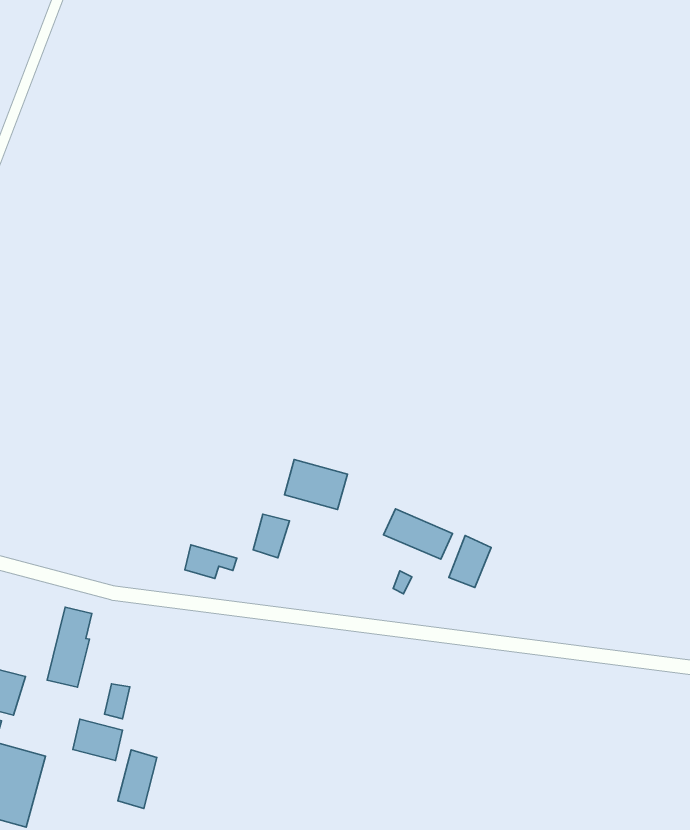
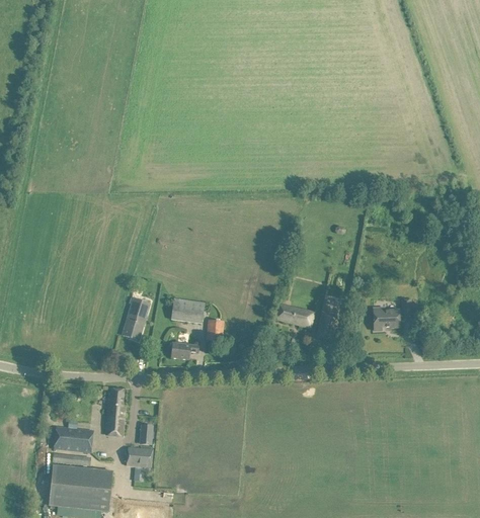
building: none -> [123,298,150,340]
building: [284,460,347,510] -> [171,299,204,323]
building: none -> [374,299,411,331]
building: [118,750,157,809] -> none

